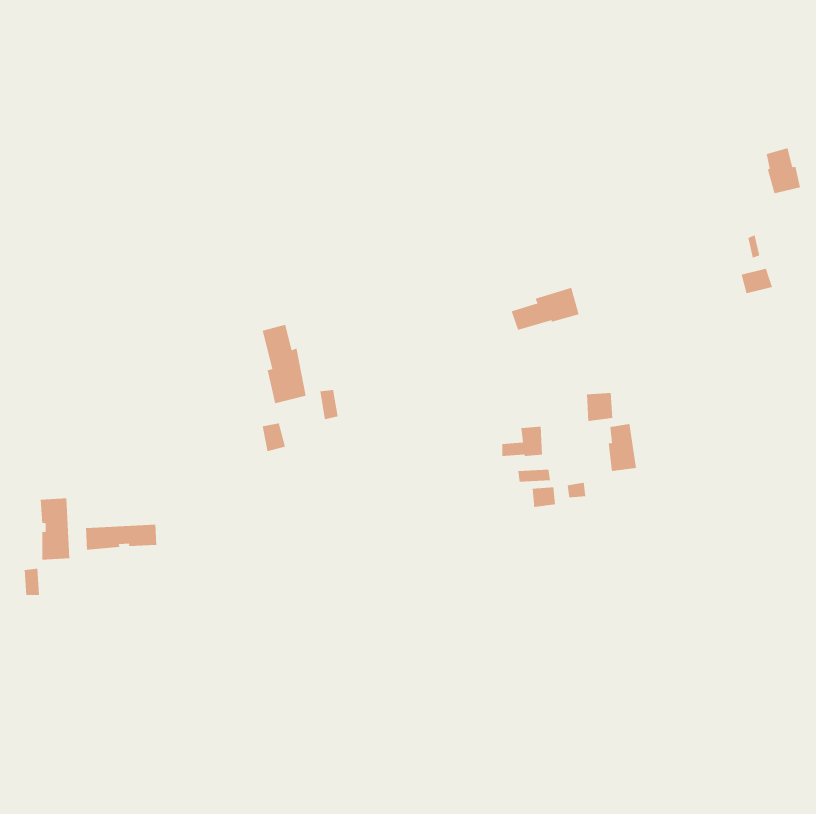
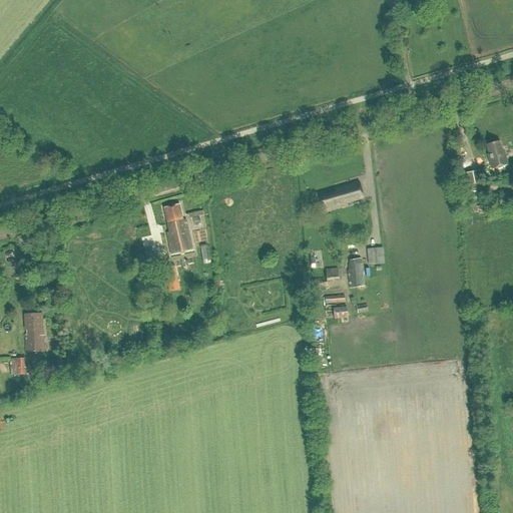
building: [766,148,801,194] -> [486,139,508,168]
building: [608,424,637,471] -> [348,258,366,288]
building: [85,524,157,550] -> none

